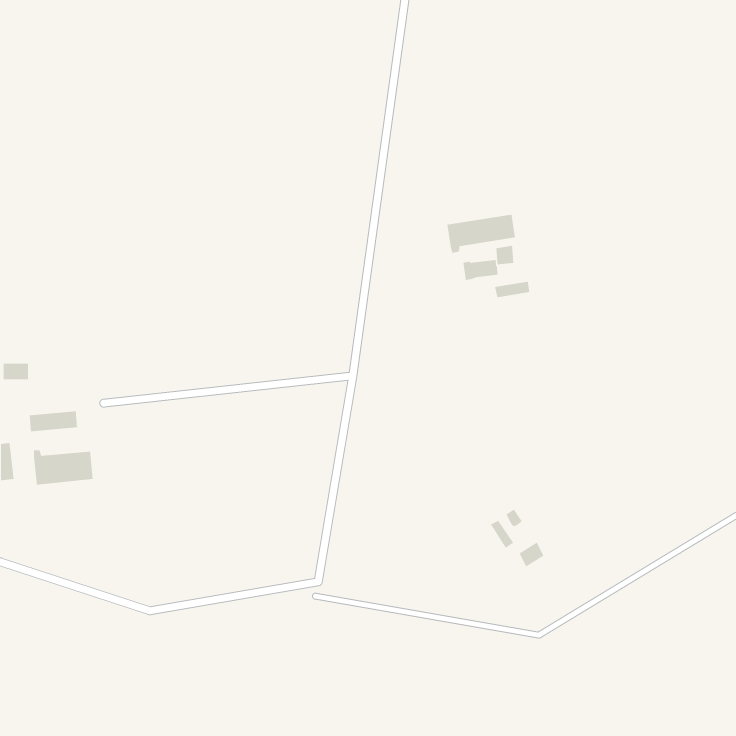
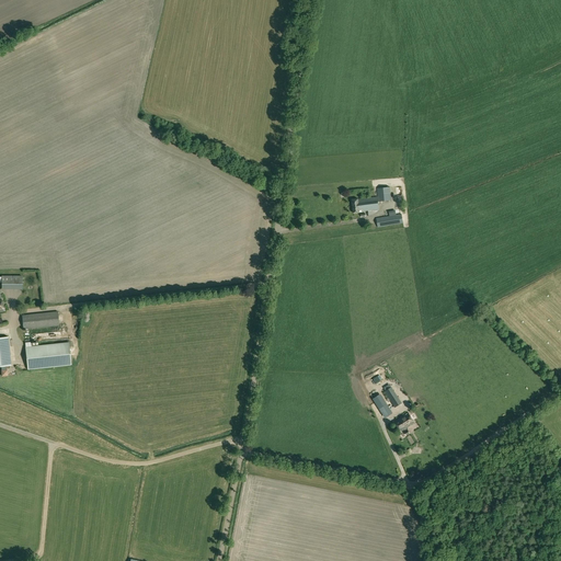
building: [446,214,516,254] -> none

